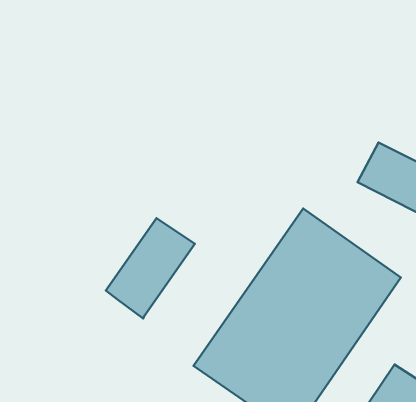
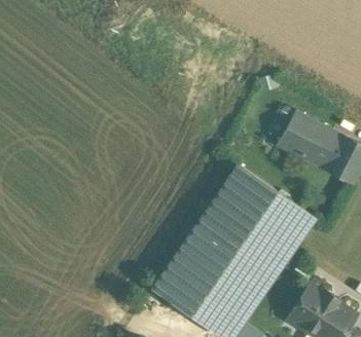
building: [106,218,195,318] -> none

